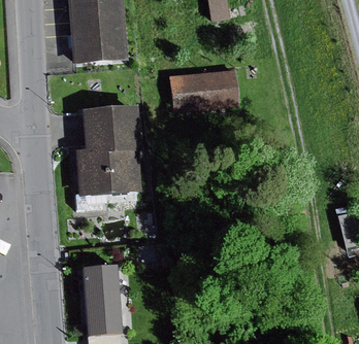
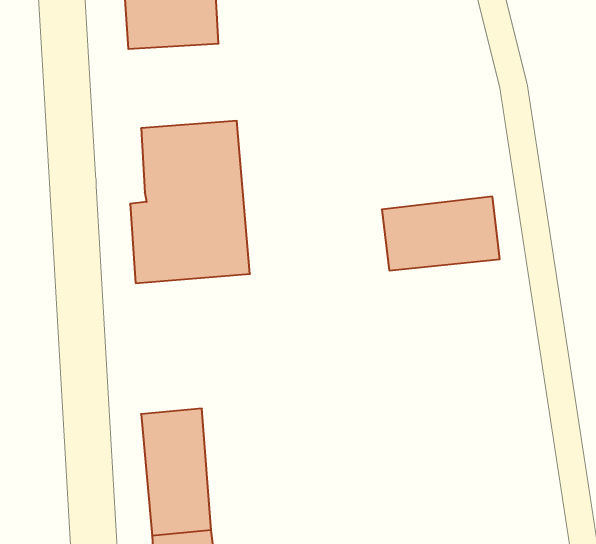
building: [170,68,236,109] -> [382,197,500,270]

